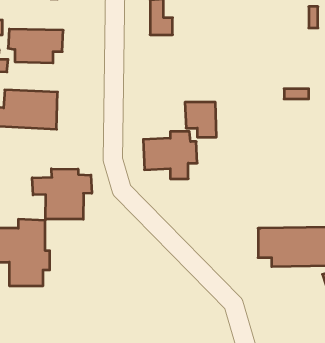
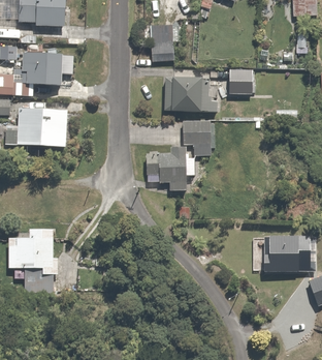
building: none -> [228,71,252,94]
building: none -> [163,80,211,112]
building: [32,169,92,219] -> none

